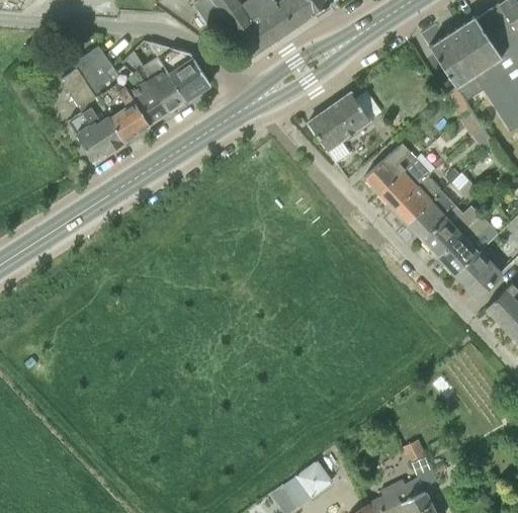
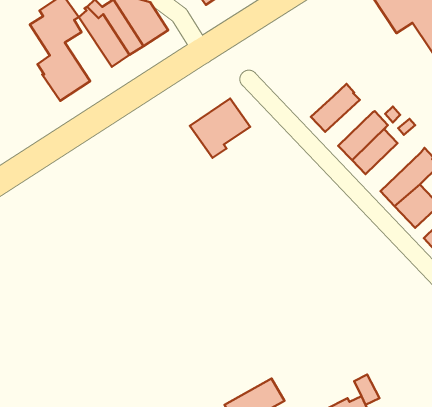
building: [99,71,150,140] -> none
building: [308,94,372,158] -> [190,99,250,158]
building: [379,159,431,209] -> none
building: [423,205,483,258] -> none

